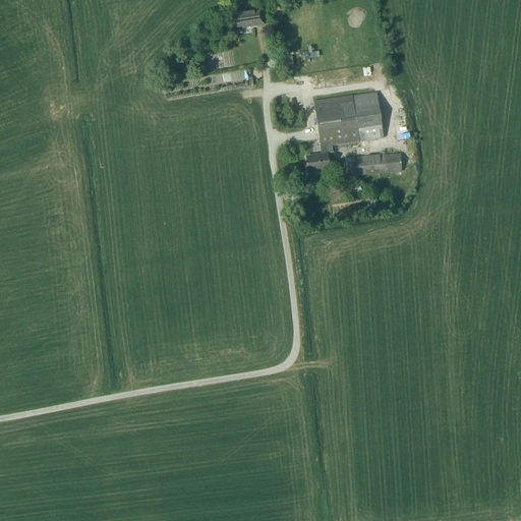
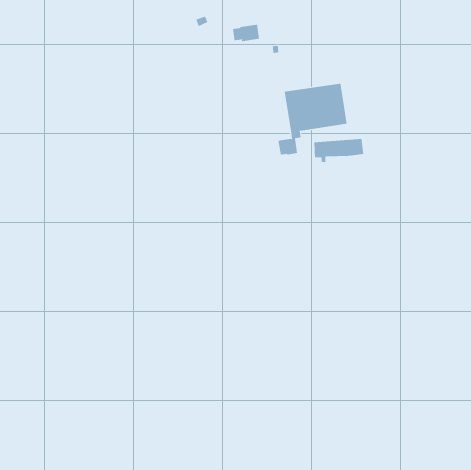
building: [232,7,263,26] -> [232,24,260,42]

